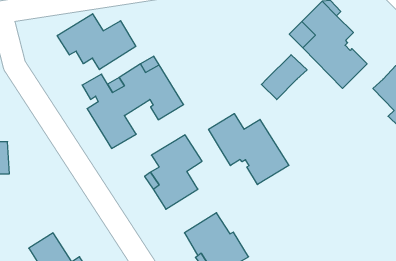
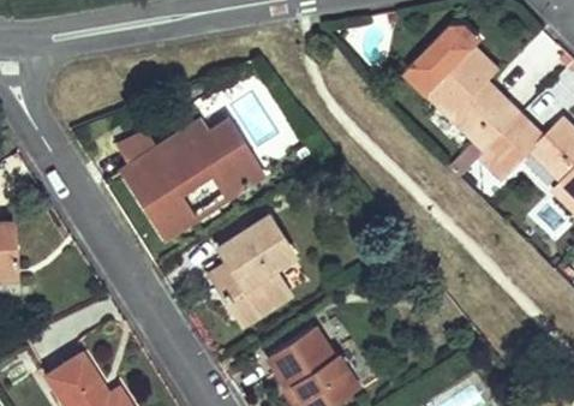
building: [57,14,136,70] -> none
building: [261,55,307,100] -> [483,113,548,177]
building: [209,114,289,185] -> none

